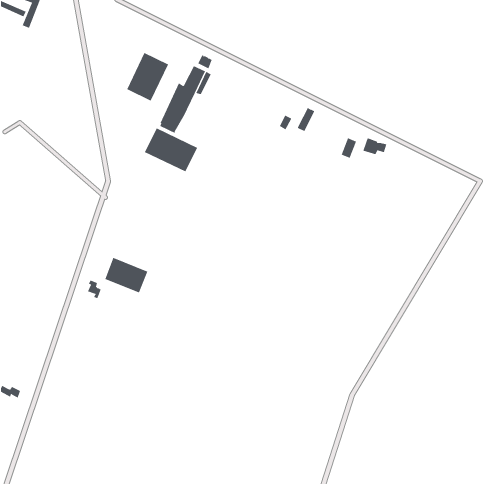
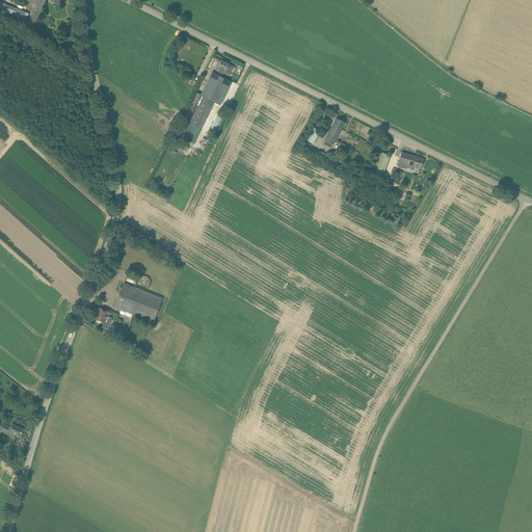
building: [126,52,169,101] -> none
building: [144,128,198,172] -> none

